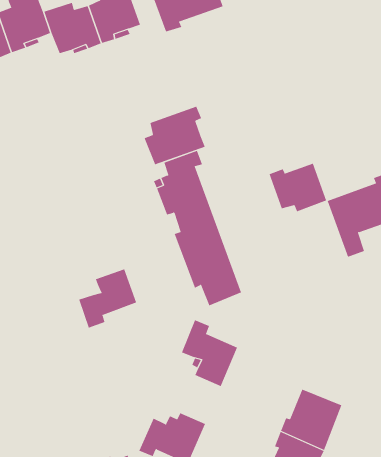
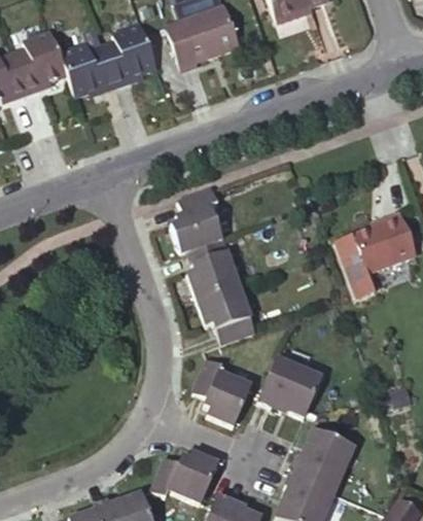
building: [144,106,205,165] -> none
building: [269,163,327,212] -> none
building: [79,268,137,328] -> none
building: none -> [257,358,322,416]

